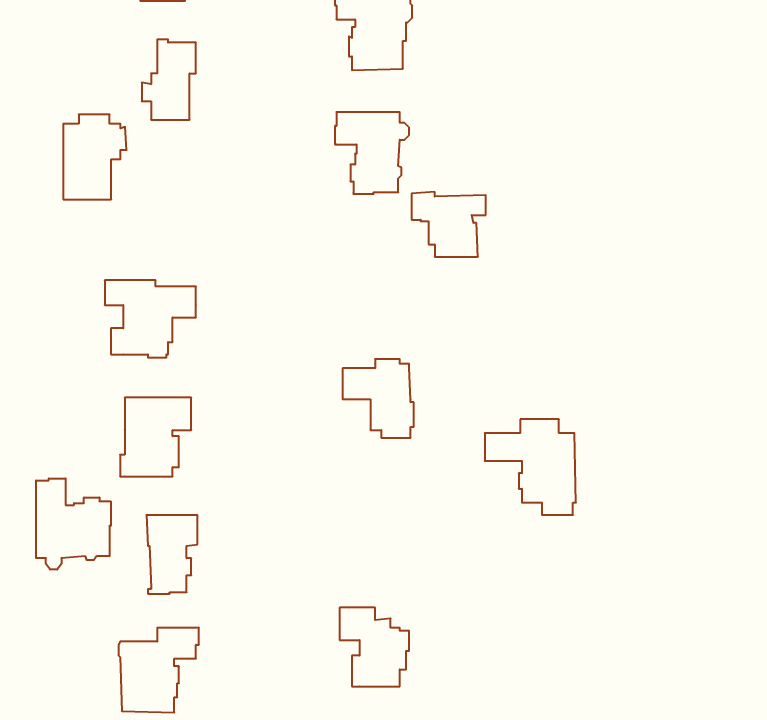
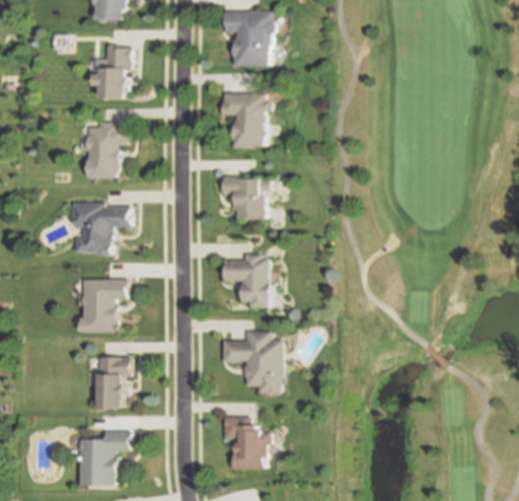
building: [63,114,127,199] -> [86,122,128,177]
building: [412,192,486,257] -> [222,175,271,218]
building: [485,419,576,515] -> [222,332,282,395]
building: [36,478,111,570] -> none

